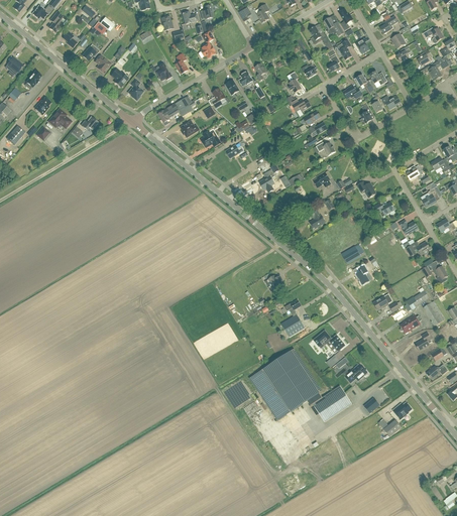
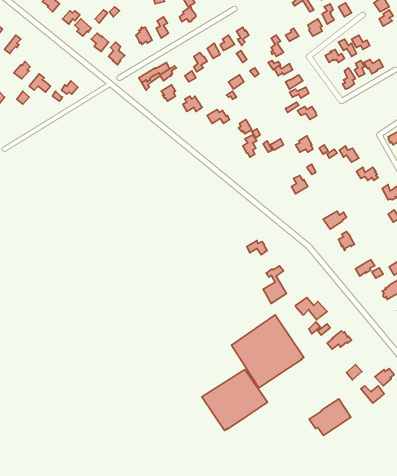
building: [310,385,351,421] -> [309,399,351,436]
building: none -> [202,370,268,431]

